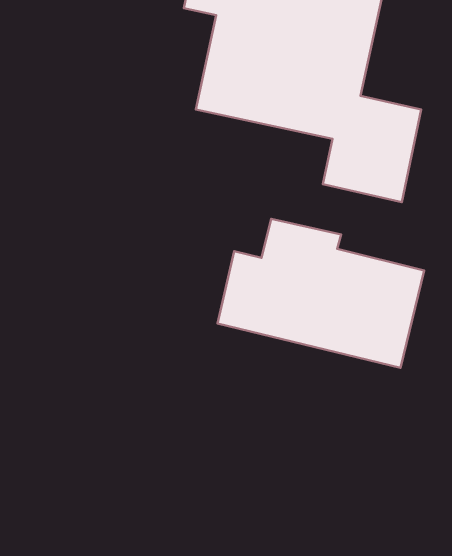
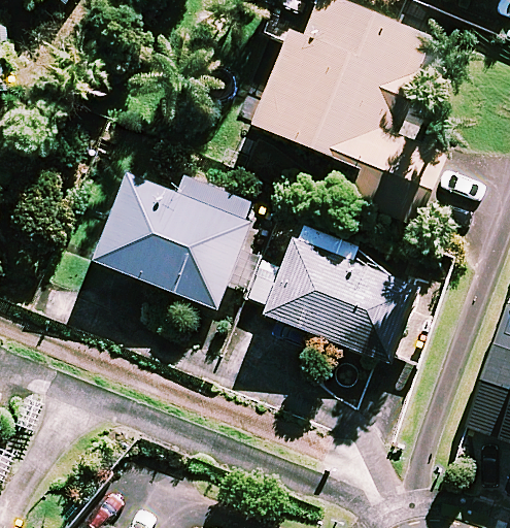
building: none -> [91,172,257,308]

